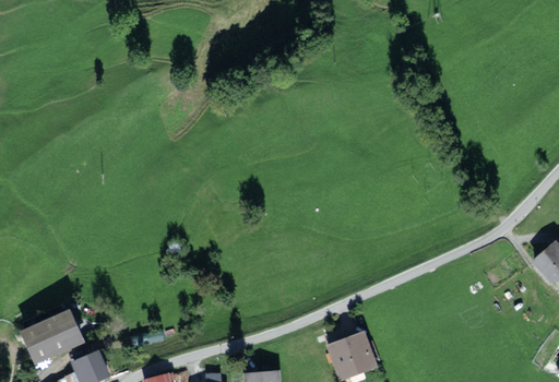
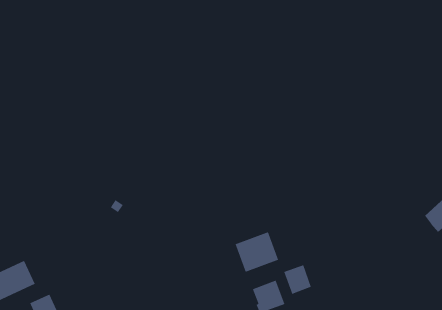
building: none -> [235,231,279,273]
building: none -> [283,264,312,295]

